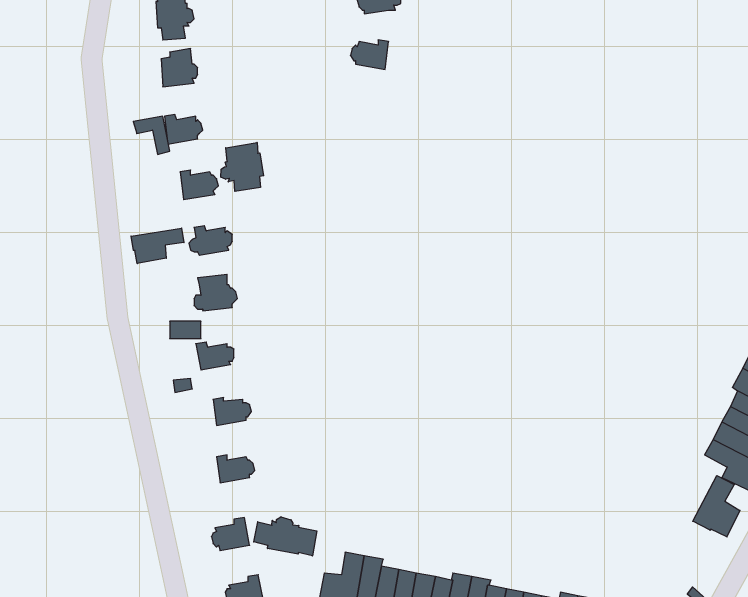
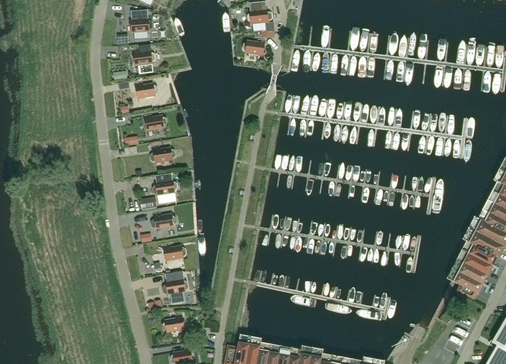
building: [221,142,264,191] -> none
building: [131,228,184,264] -> none
building: [693,476,740,537] -> none
building: [254,517,317,556] -> none

